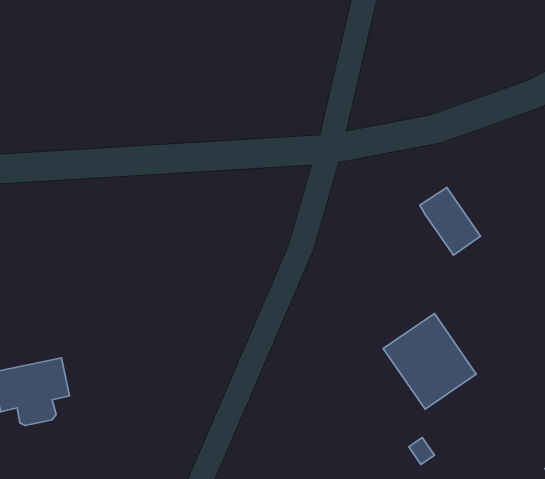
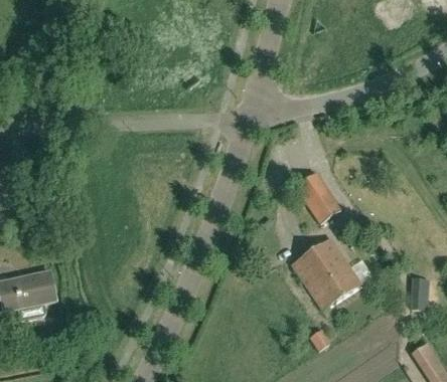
building: [420,188,480,255] -> [295,172,340,222]

